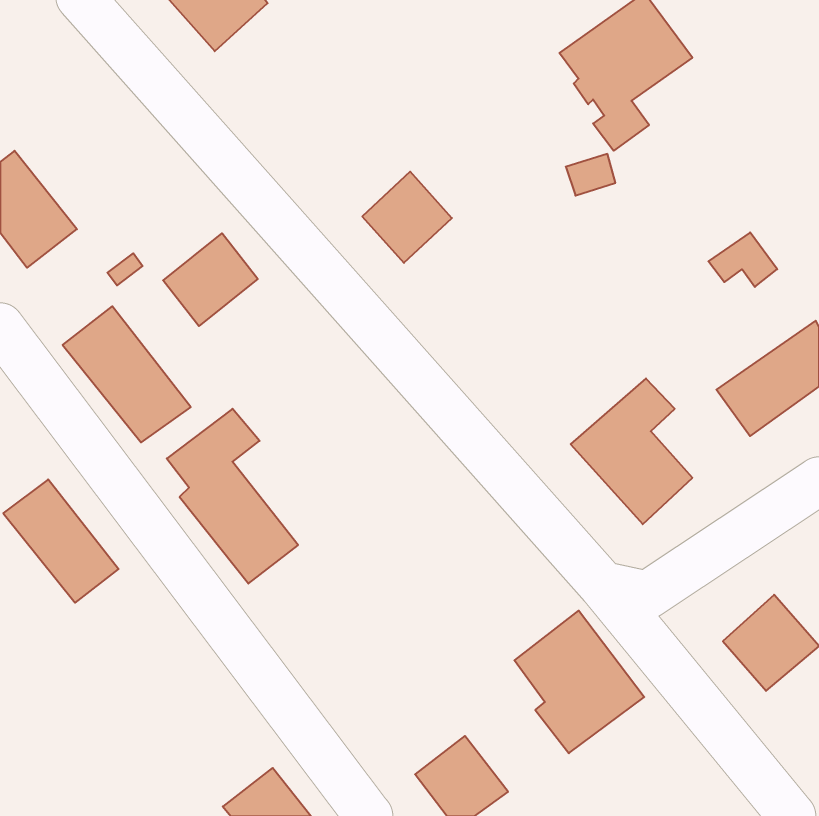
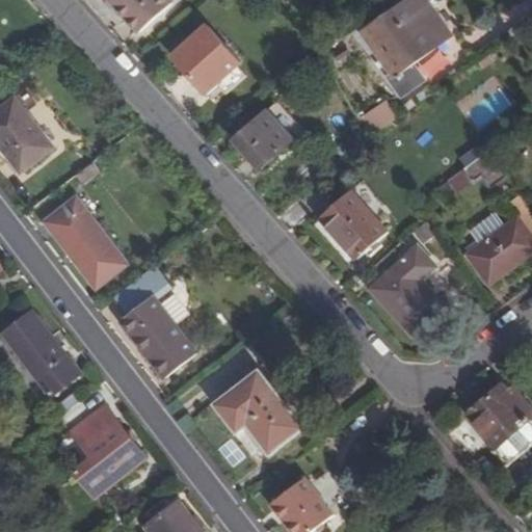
building: none -> [175,25,246,94]
building: [163,233,258,326] -> none
building: none -> [322,189,388,258]
building: [514,611,644,753] -> [215,367,299,459]
building: none -> [74,404,143,494]

